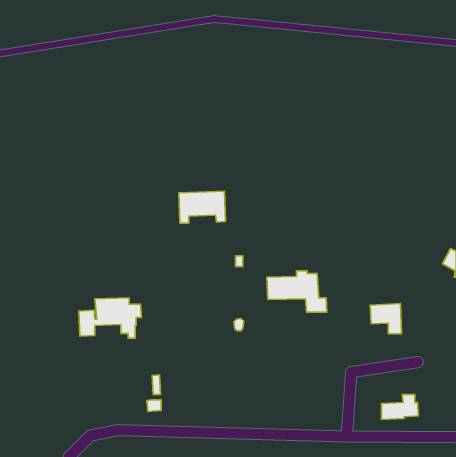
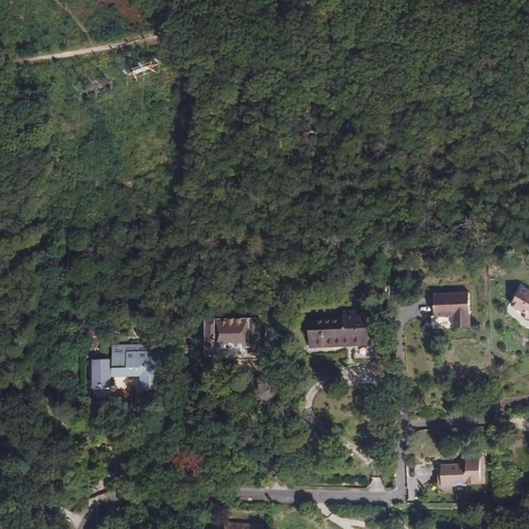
building: [179,191,225,223] -> [205,318,258,355]
building: [370,303,401,334] -> [432,292,468,328]

